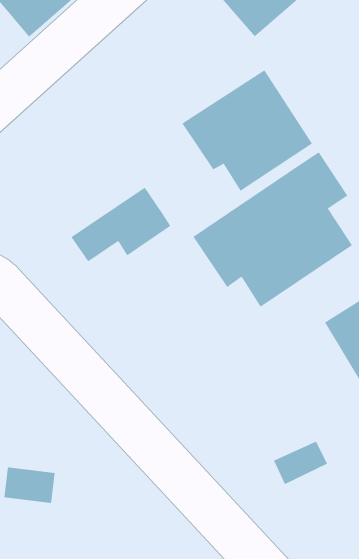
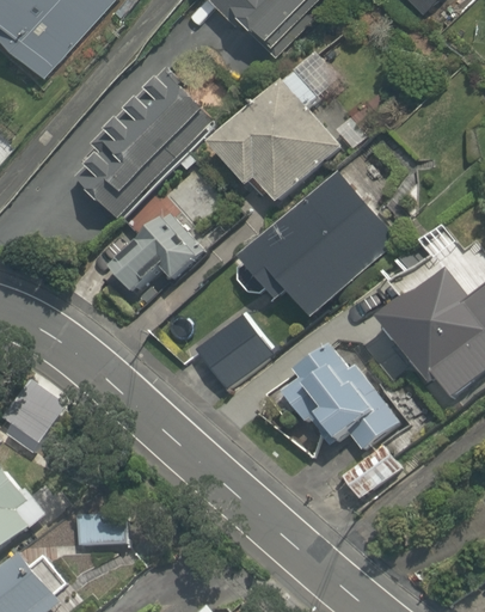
building: none -> [76,72,214,220]
building: none -> [191,307,277,391]
building: none -> [281,337,404,454]

